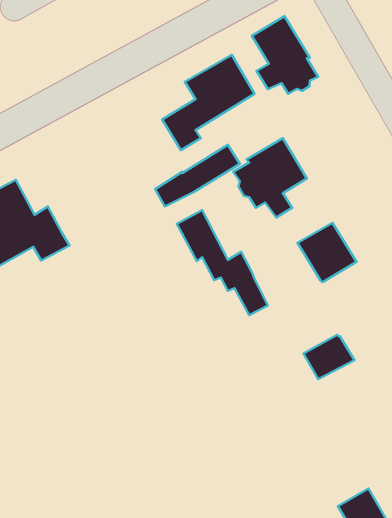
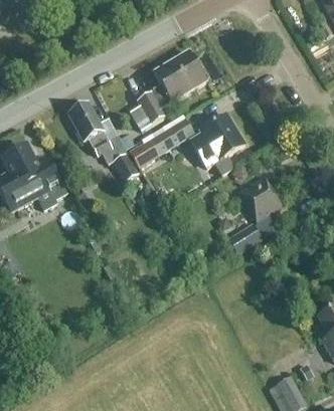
building: [252,16,318,94] -> none
building: [177,210,268,315] -> [68,101,137,180]
building: [304,335,355,379] -> [229,219,268,252]

